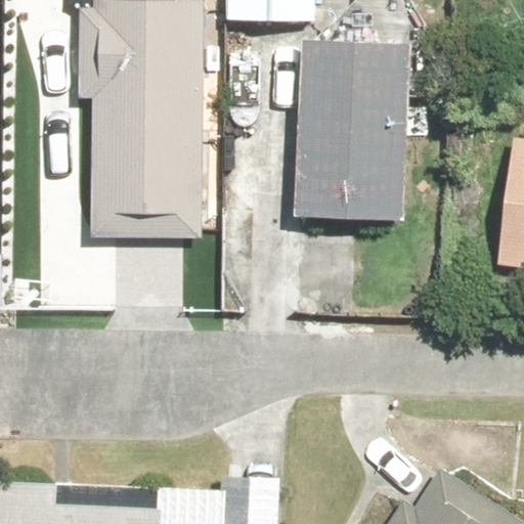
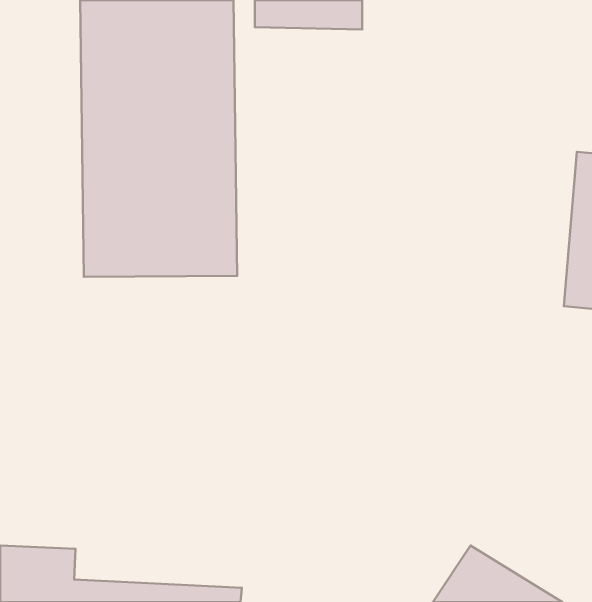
building: [293,39,419,216] -> none

